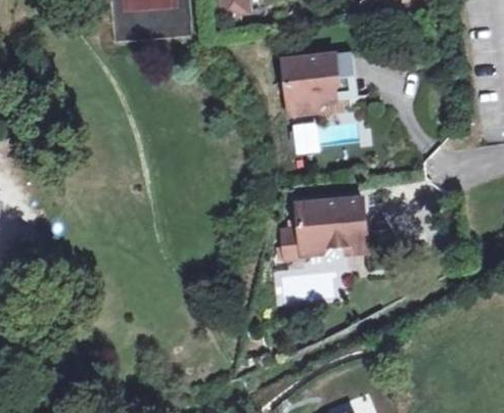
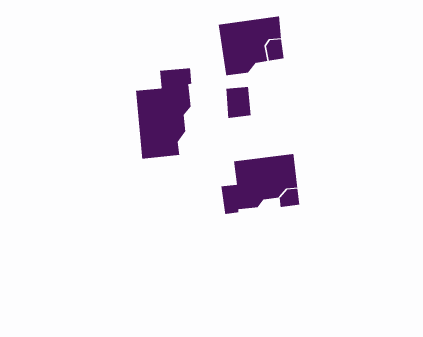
building: none -> [136,68,192,159]

